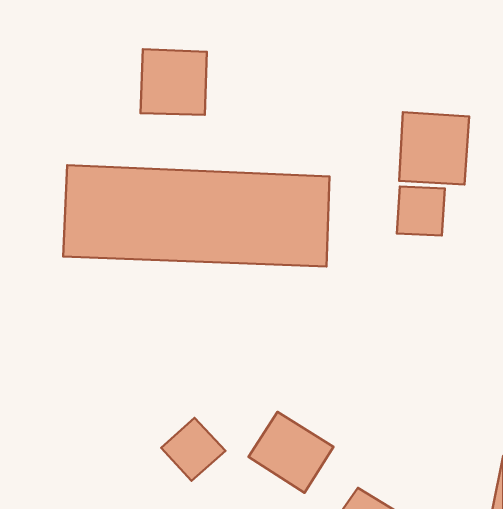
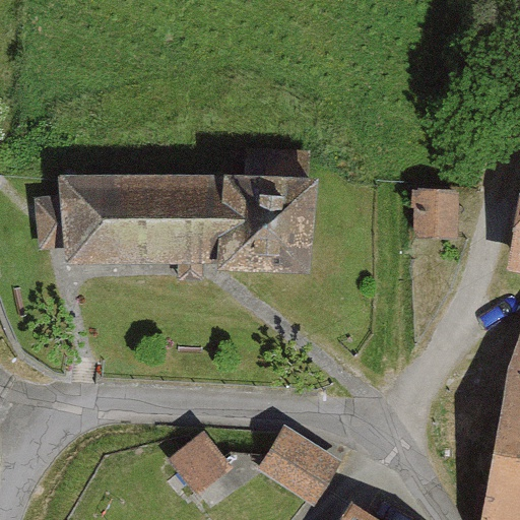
building: [141,49,207,115] -> none
building: [399,112,469,184] -> none

